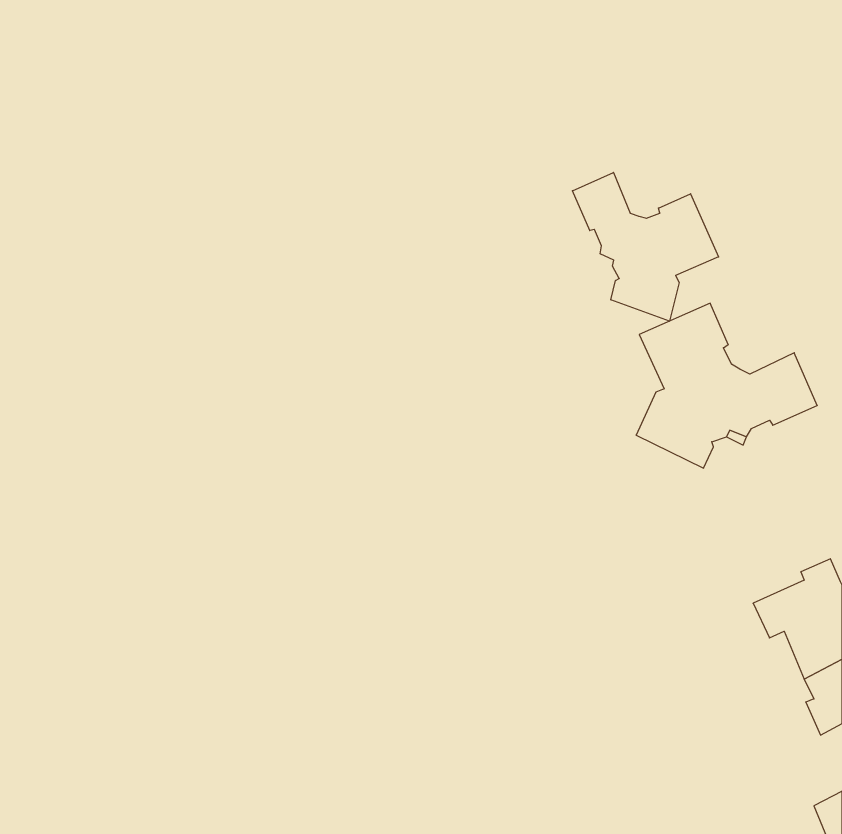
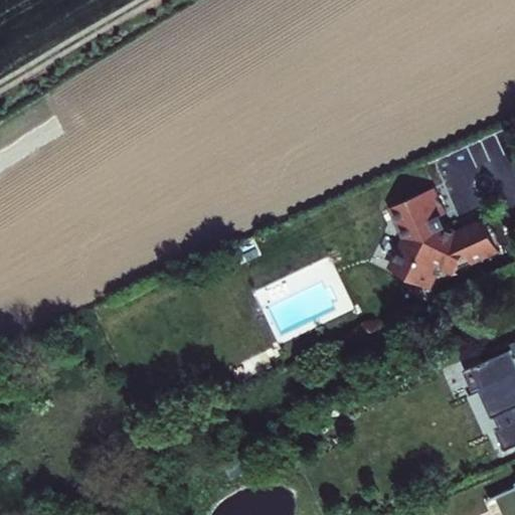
building: [572,172,719,321] -> none

